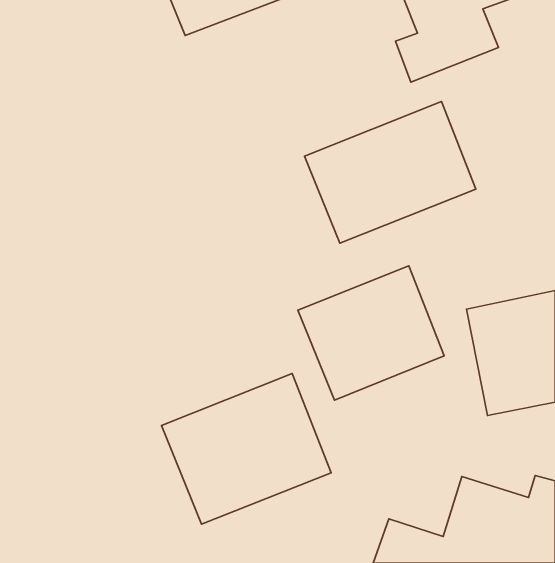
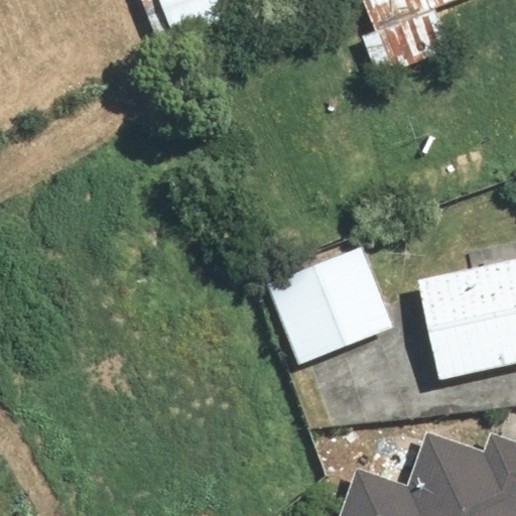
building: [304,101,476,243] -> none
building: [162,373,331,524] -> none

